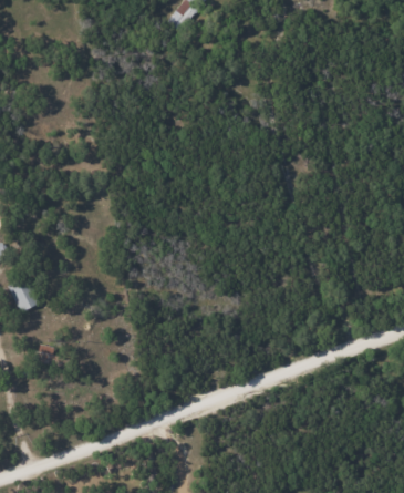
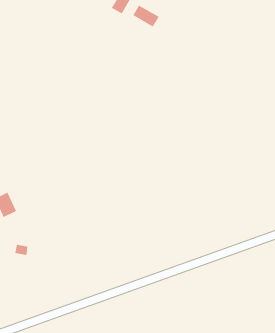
building: none -> [132,5,159,27]

